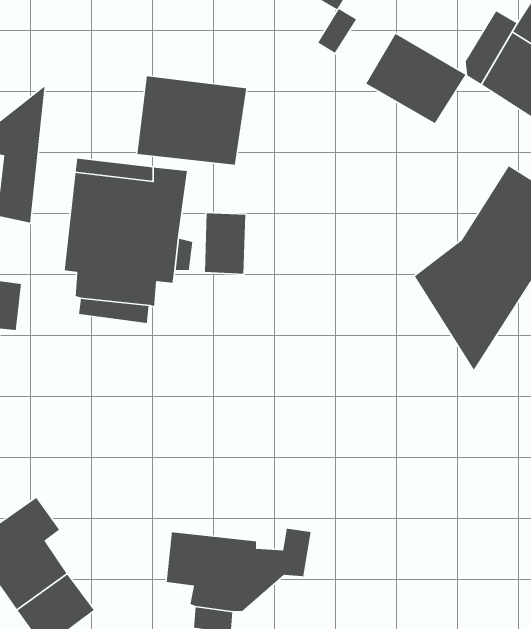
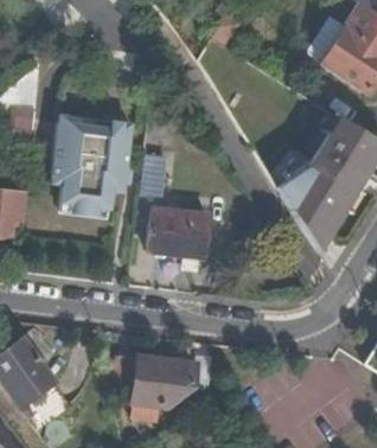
building: [365,33,466,124] -> none
building: [136,76,247,165] -> none
building: none -> [143,209,205,257]

